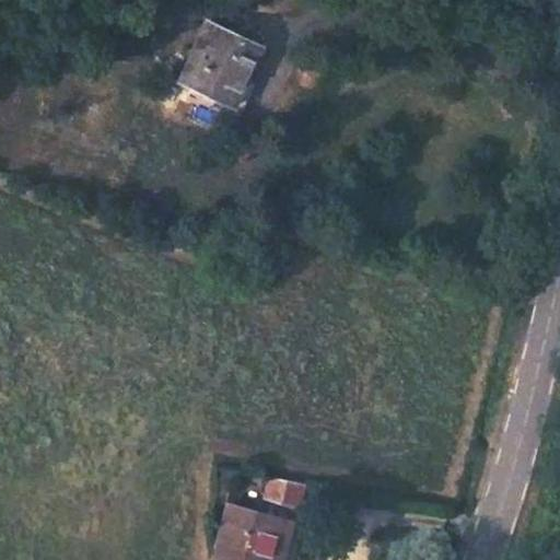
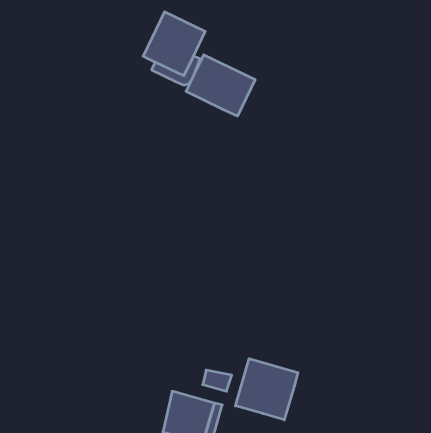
building: none -> [186,55,255,116]
building: none -> [235,359,298,420]

